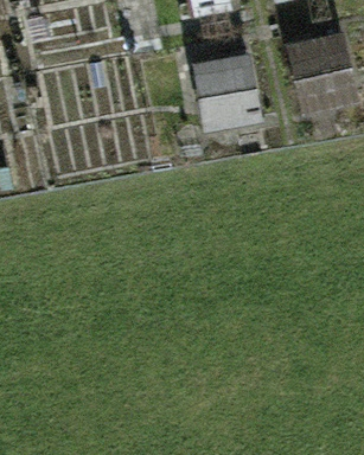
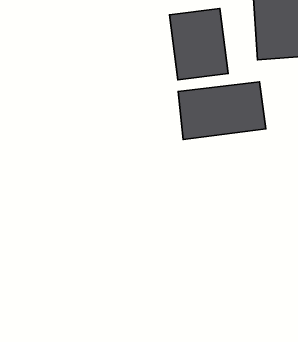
building: none -> [178,82,266,140]

